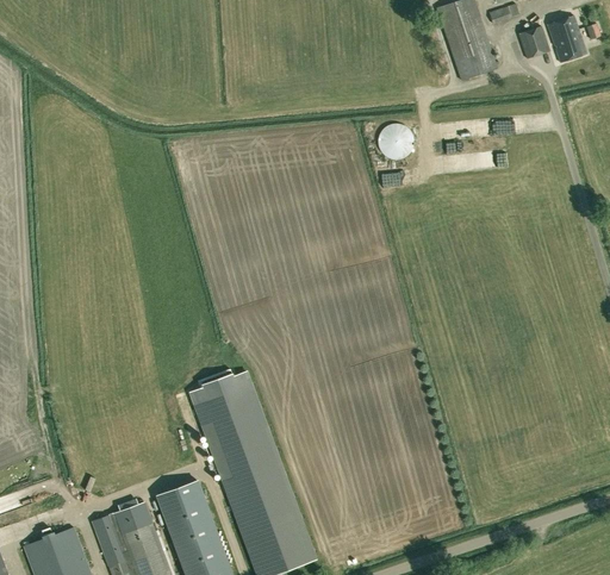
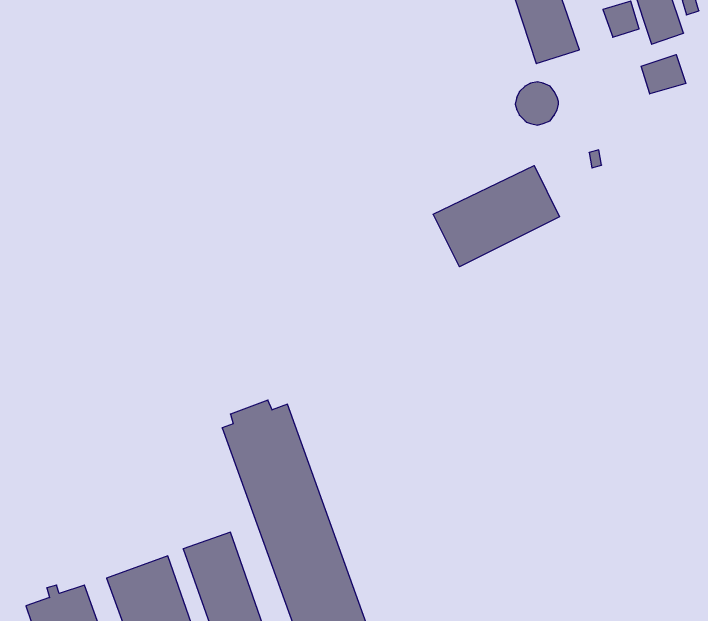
building: none -> [641,55,686,94]
building: [376,124,413,161] -> [515,82,558,125]
building: none -> [433,166,559,267]

